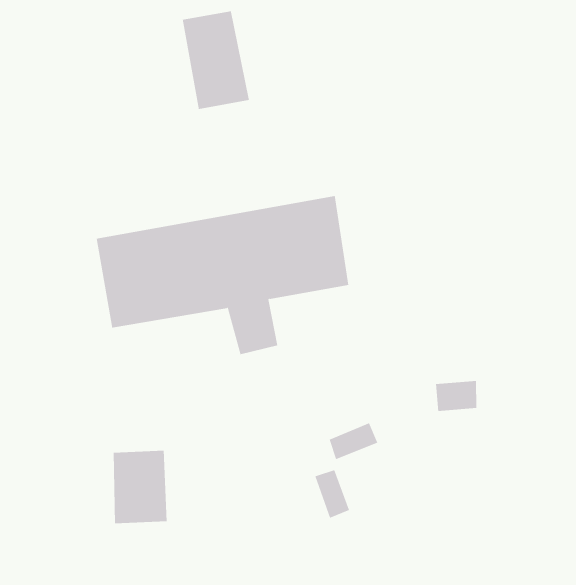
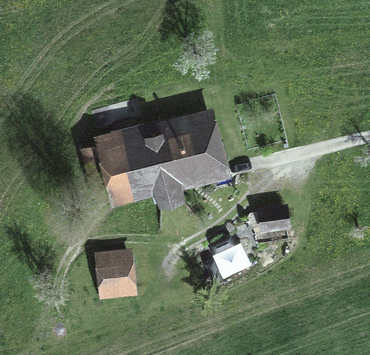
building: [182,11,249,110] -> none

